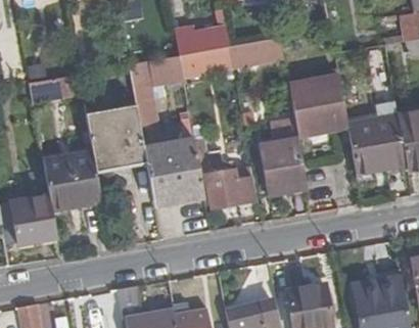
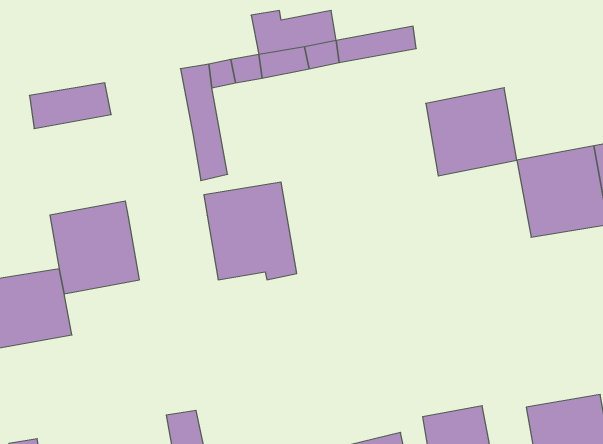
building: [87,106,146,161] -> none
building: [262,137,307,194] -> none
building: [206,170,258,207] -> none

